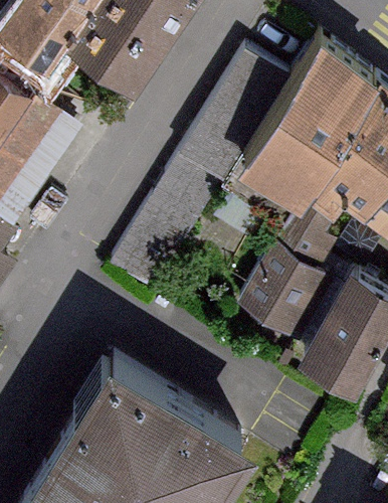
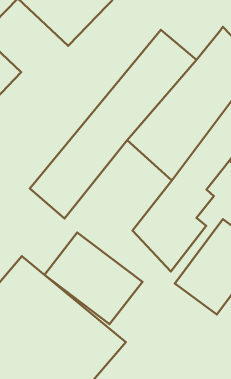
building: none -> [44,232,142,324]

